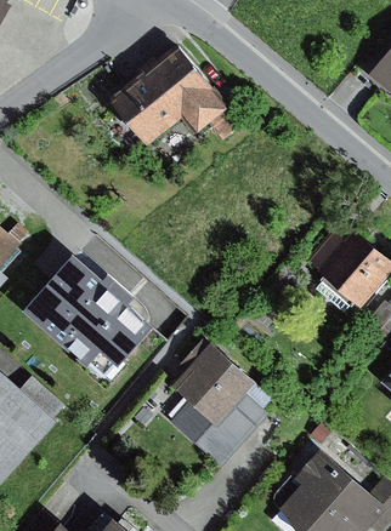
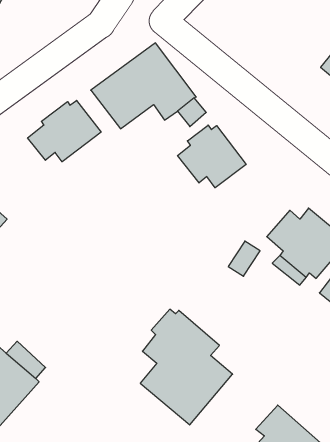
building: none -> [28,100,101,162]
building: none -> [178,125,246,188]
building: [27,255,154,364] -> none

